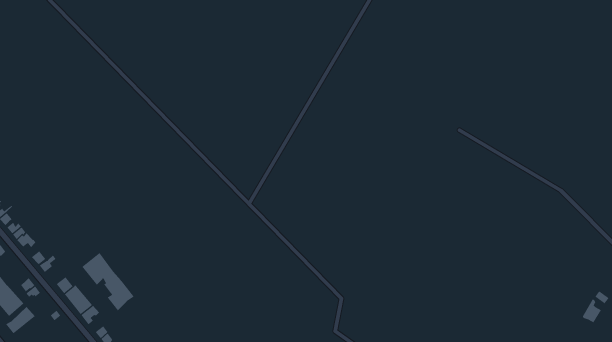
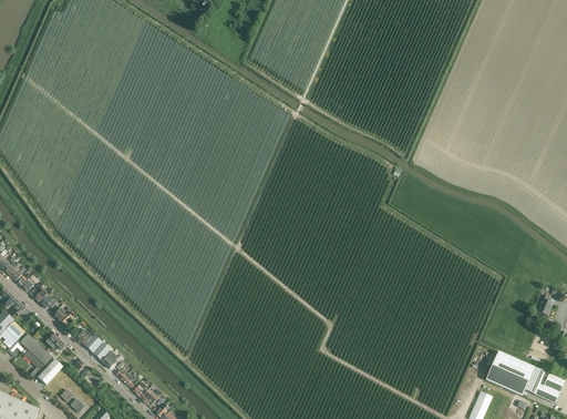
building: [81,252,135,311] -> none

